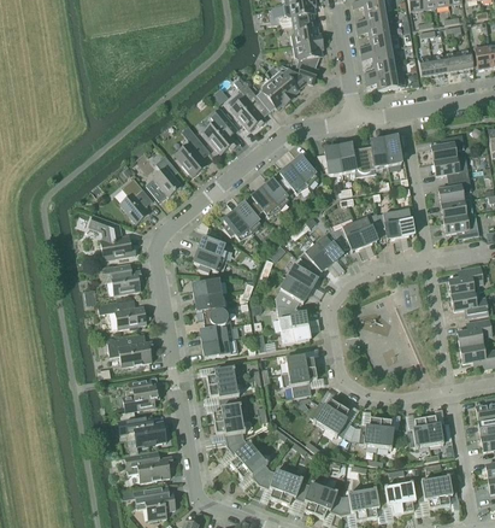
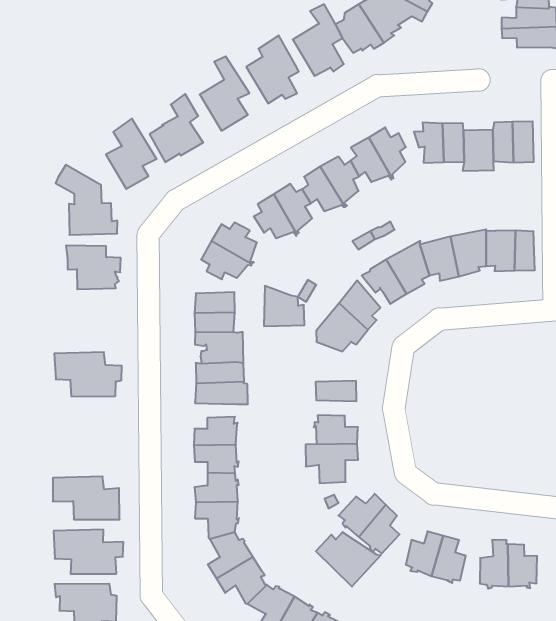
building: [98,300,146,328] -> none
building: [277,304,307,330] -> [264,286,304,326]
building: [123,377,160,411] -> none
building: none -> [316,532,381,587]

